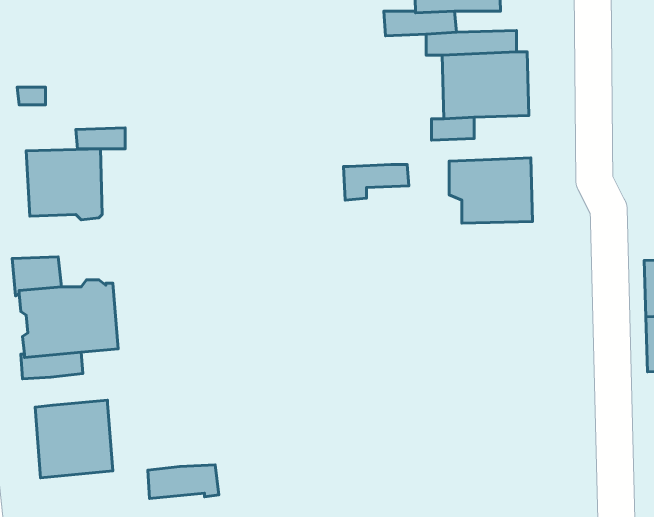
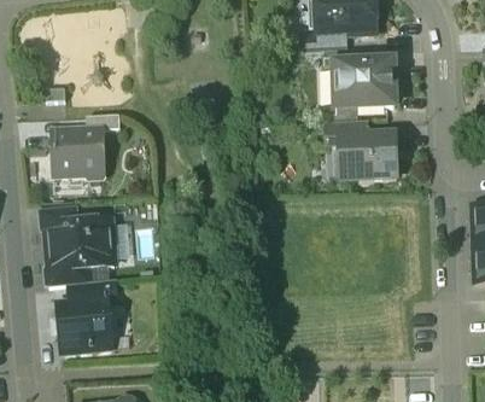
building: [343,165,409,200] -> [325,121,369,145]
building: [148,465,219,498] -> [69,280,117,303]

